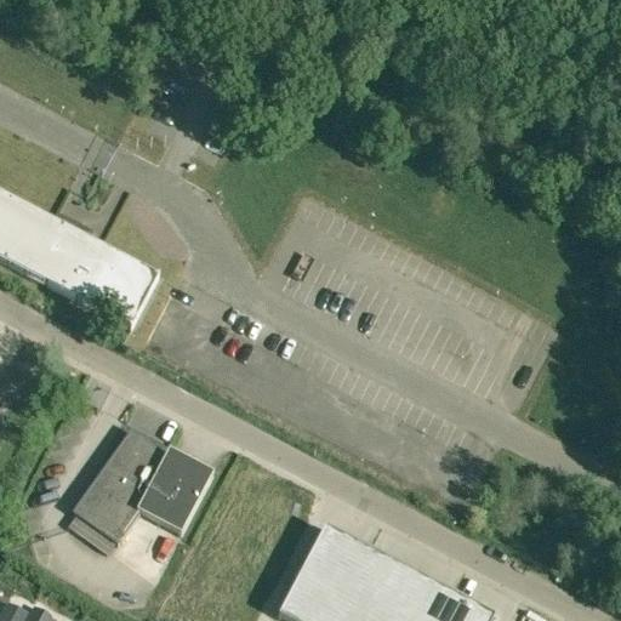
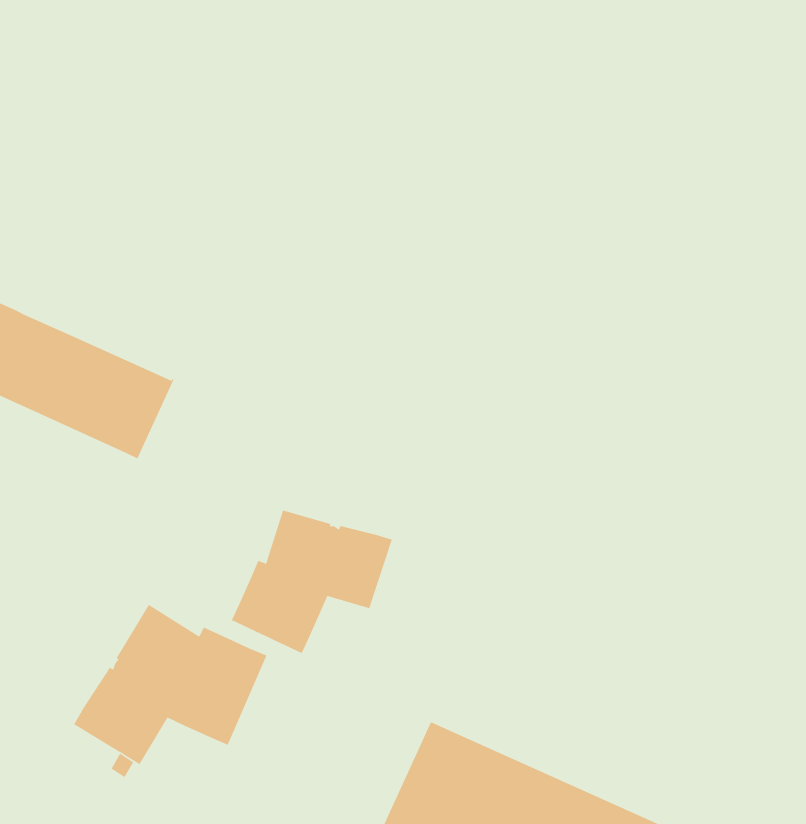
building: none -> [231,510,393,654]

